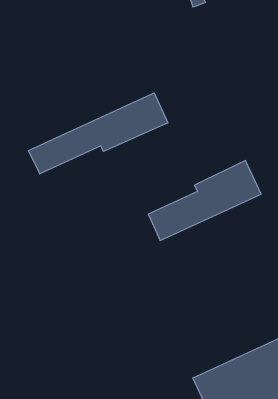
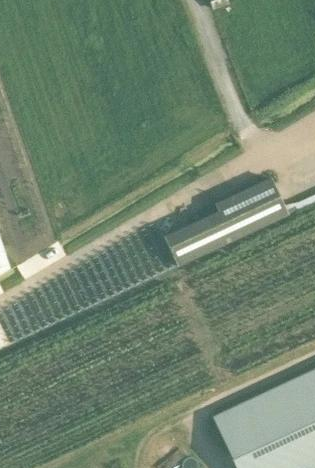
building: [29,93,168,174] -> none

